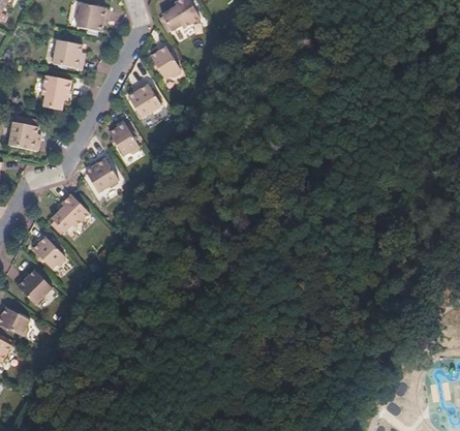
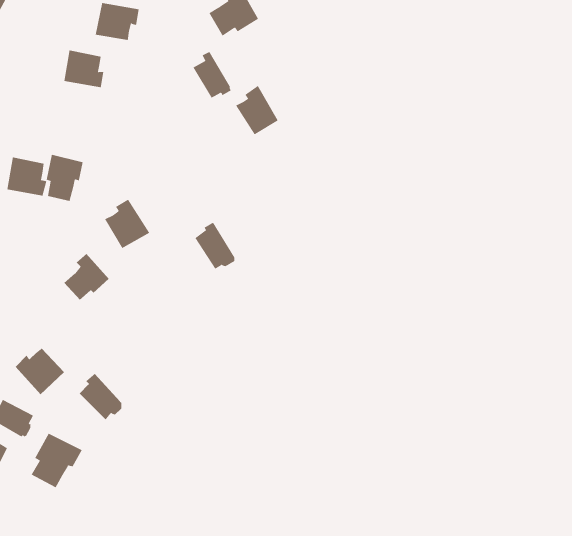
building: [42,76,71,113] -> [46,154,84,202]
building: [128,80,161,118] -> [235,85,278,135]
building: [109,119,140,155] -> [194,222,235,269]
building: [32,233,65,269] -> [79,373,122,421]
building: none -> [31,433,83,488]

